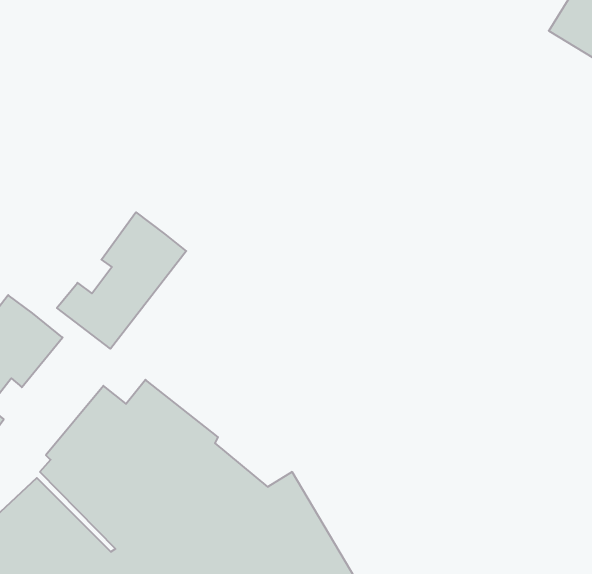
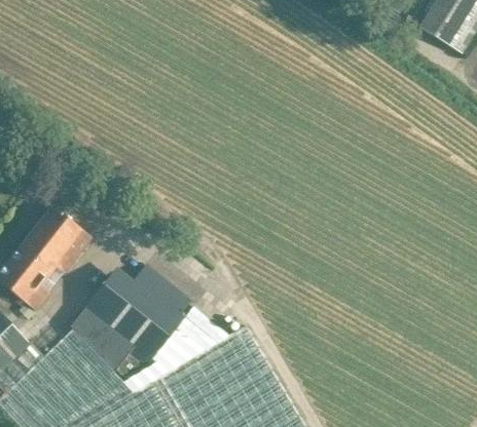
building: [57,212,186,349] -> none

